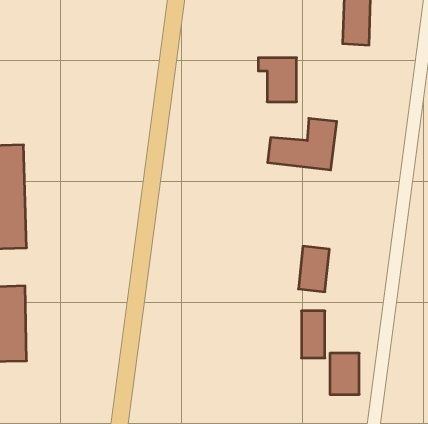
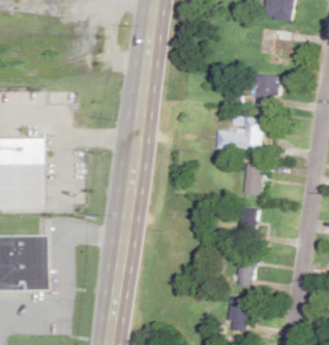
building: [258,58,297,102] -> [250,75,277,106]
building: none -> [243,165,262,194]
building: [330,353,359,394] -> [229,298,249,327]

